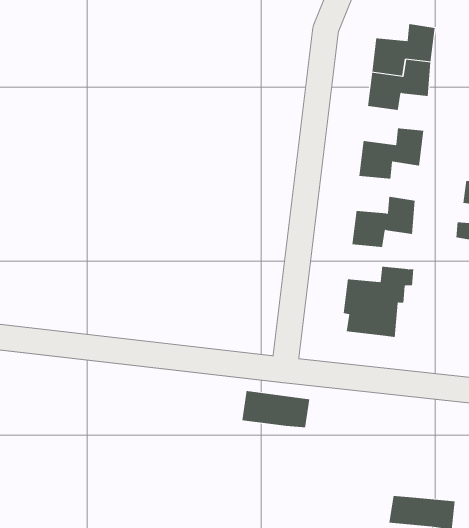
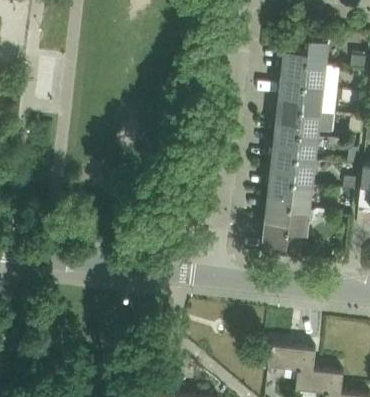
building: none -> [277,87,323,123]
building: none -> [272,135,317,171]
building: none -> [266,183,312,219]
building: [242,391,310,428] -> [267,344,315,370]

